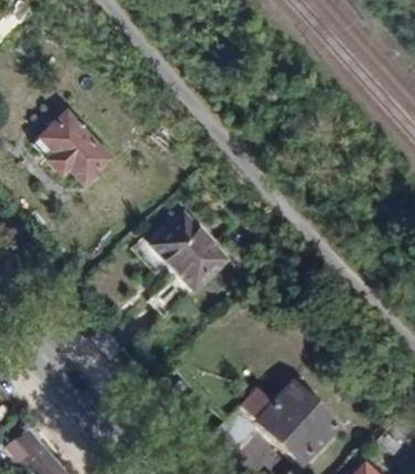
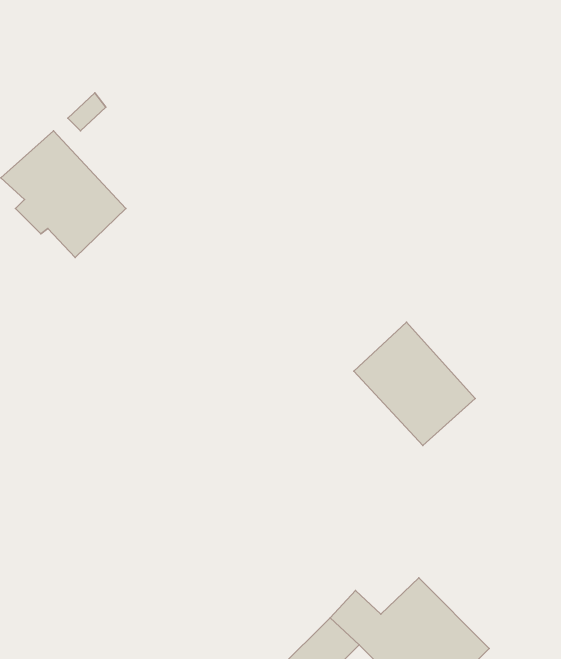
building: [153,211,227,286] -> [354,322,475,445]

